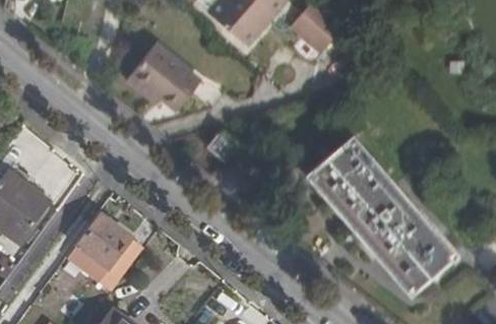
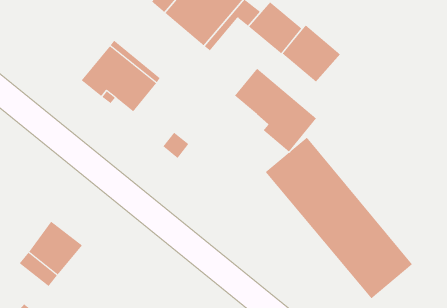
building: none -> [282,25,341,83]
building: none -> [234,68,317,152]

